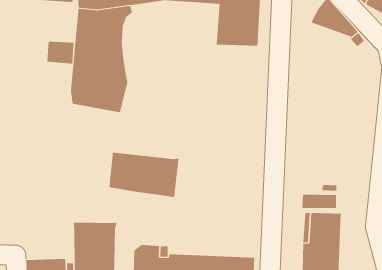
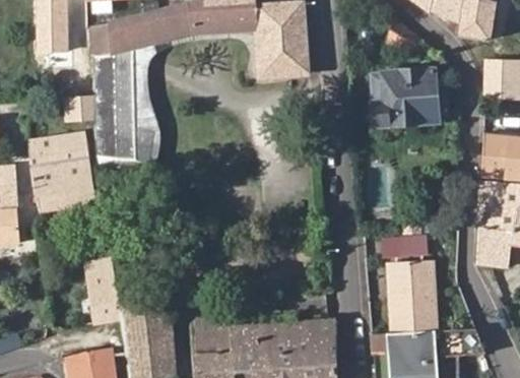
building: none -> [371,69,448,127]
building: none -> [27,141,95,212]
building: [109,152,179,198] -> none
building: none -> [89,269,115,324]

